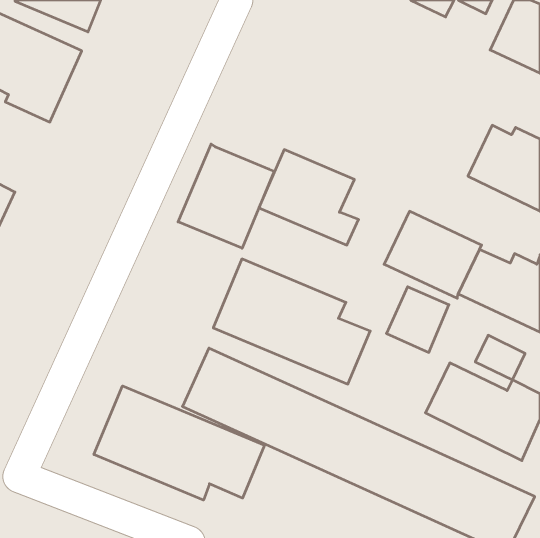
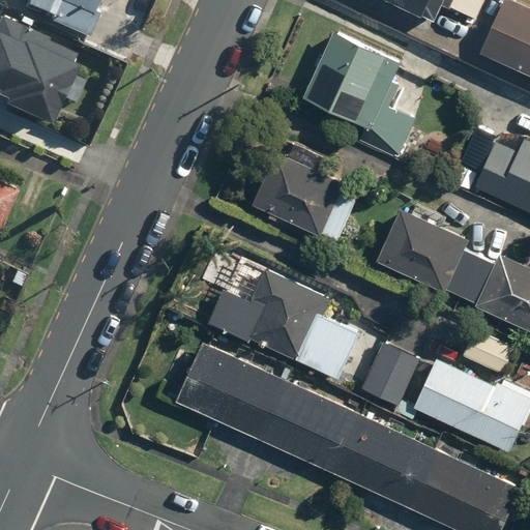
building: none -> [303,27,419,165]
building: [178,144,274,248] -> none
building: [386,287,449,352] -> [360,342,421,406]
building: [94,386,264,500] -> none

